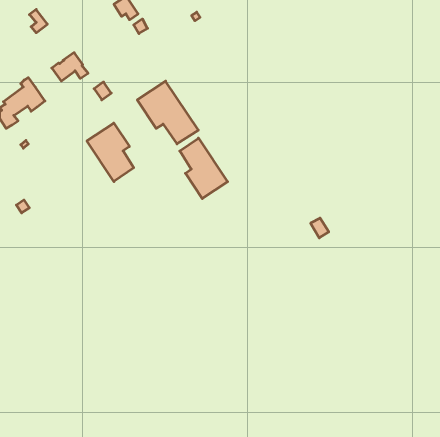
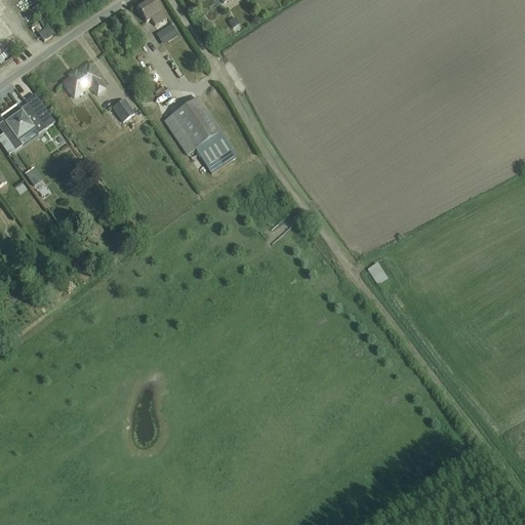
building: [87,123,134,182] -> none
building: [180,138,228,199] -> none

